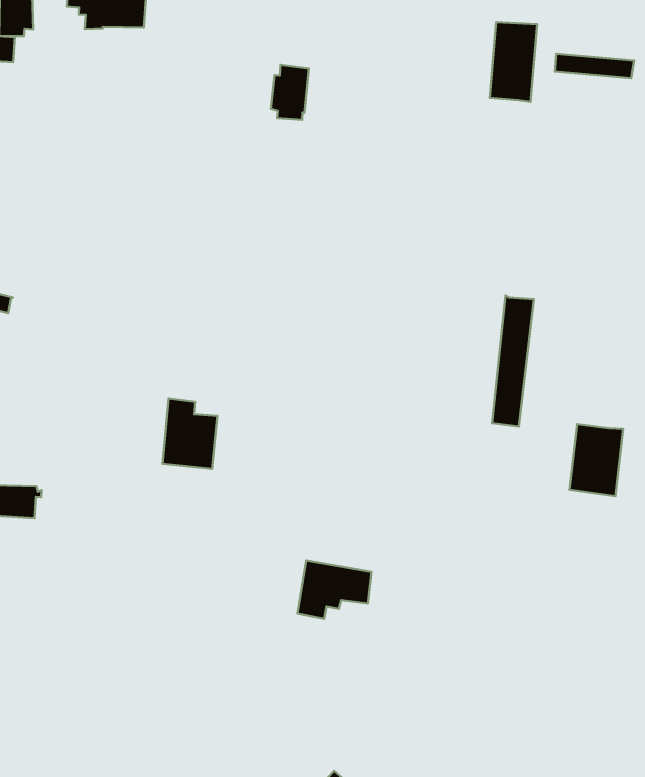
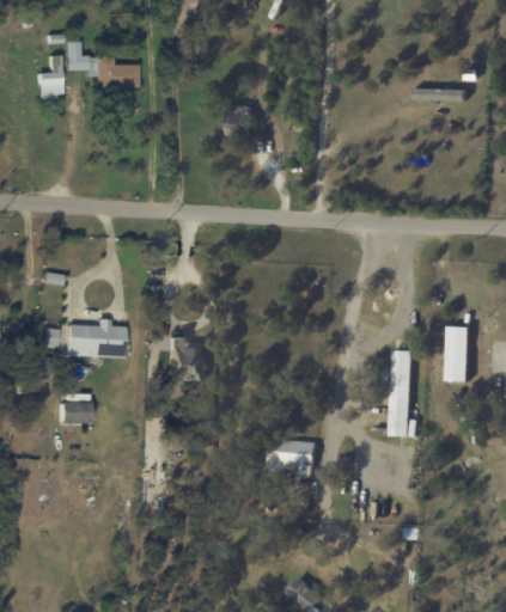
building: [490,22,537,102] -> none
building: [492,296,534,427] -> [389,349,411,436]
building: none -> [65,318,123,356]

